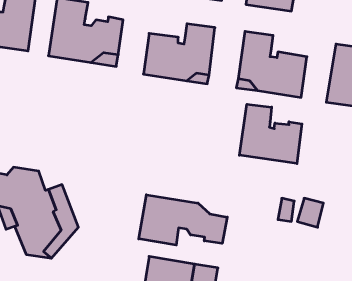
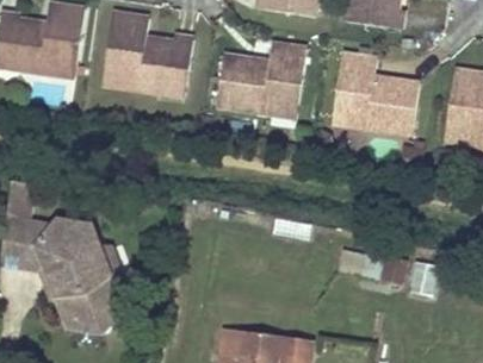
building: [239,104,302,164] -> none
building: [139,195,227,245] -> none

